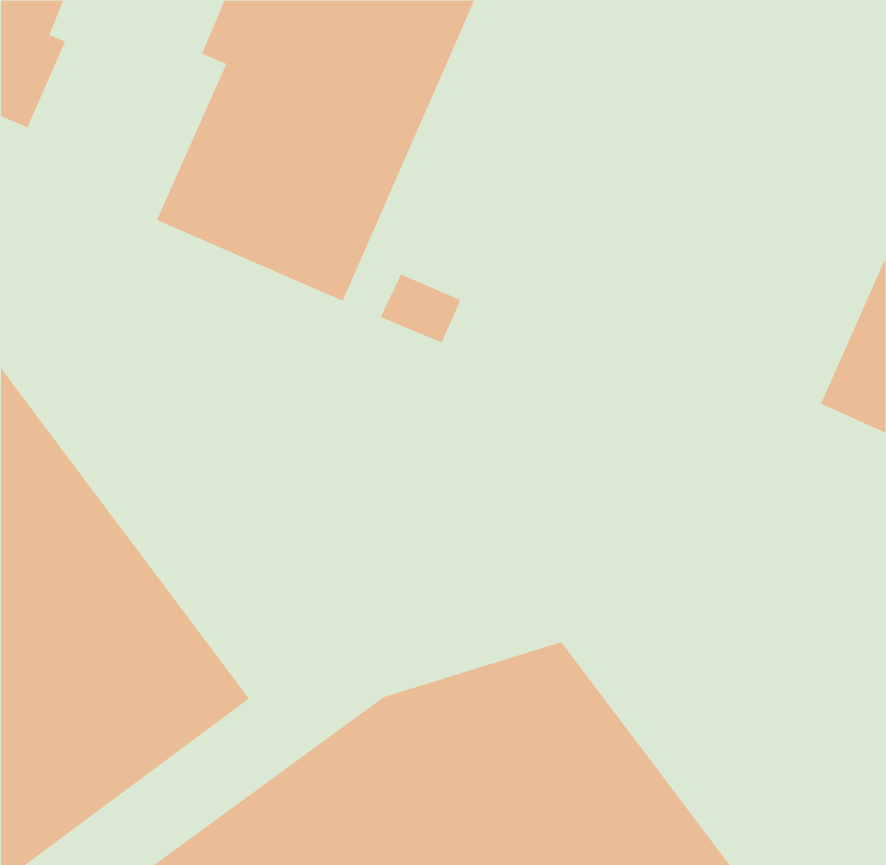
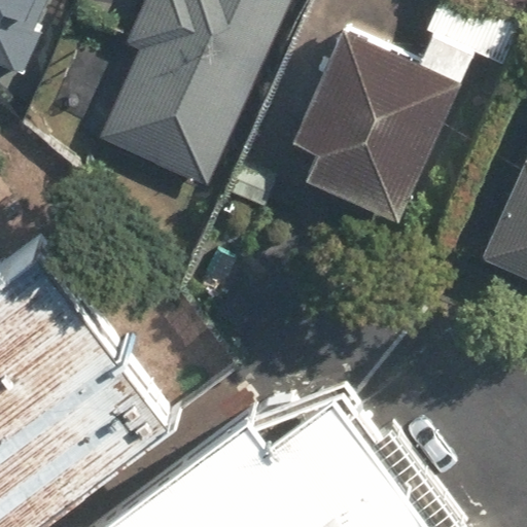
building: none -> [294,23,480,220]

